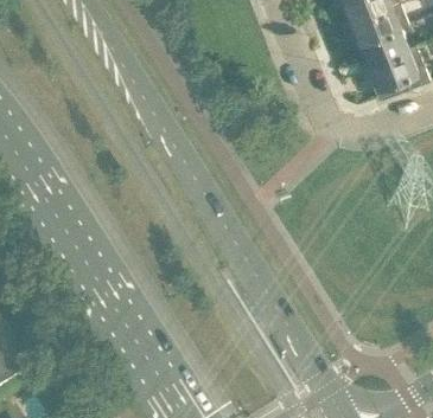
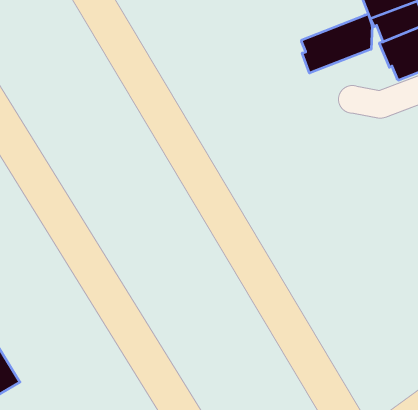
building: none -> [302,14,372,73]

